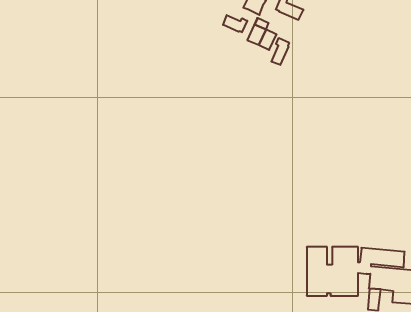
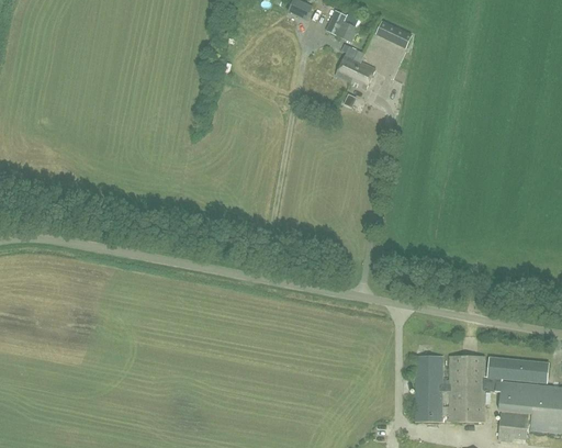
building: [223,15,247,32] -> none
building: [271,38,289,65] -> none

